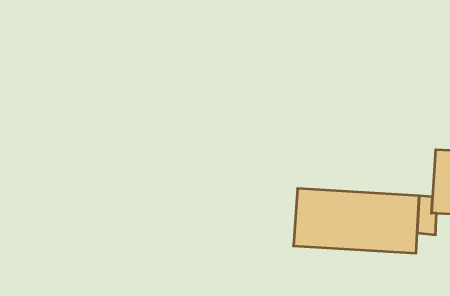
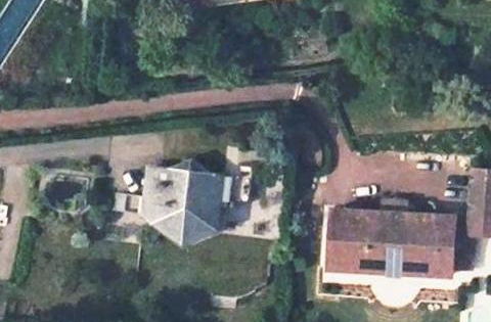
building: none -> [114,158,255,235]

